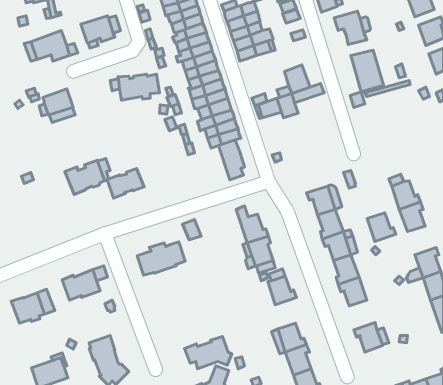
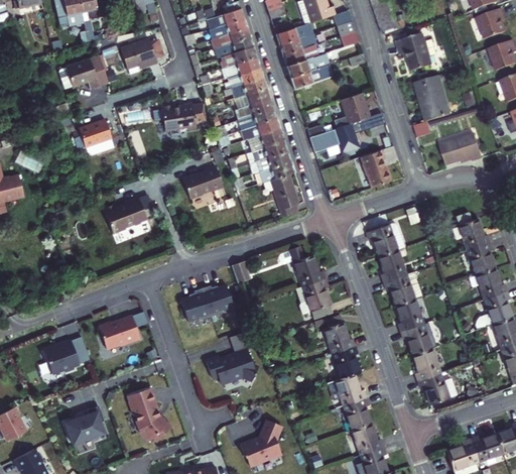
building: none -> [439,133,482,165]
building: none -> [361,149,390,187]
building: [107,168,144,198] -> [182,165,223,198]
building: [367,213,396,241] -> [476,267,507,299]
building: none -> [332,345,360,377]
building: none -> [412,348,440,380]
building: [185,336,232,369] -> [207,348,258,383]

